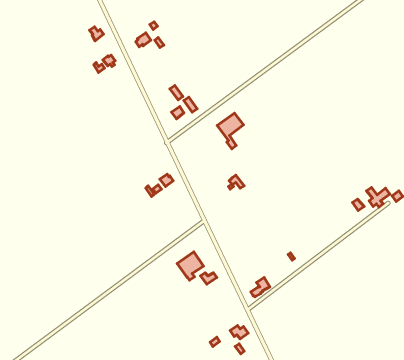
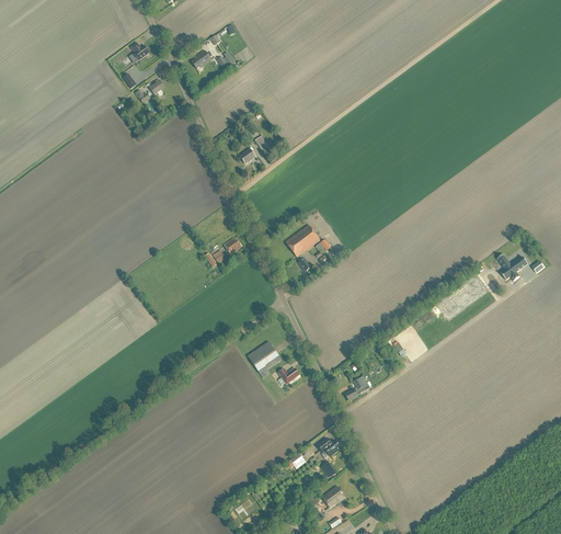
building: [217,113,243,149] -> [285,224,320,271]

